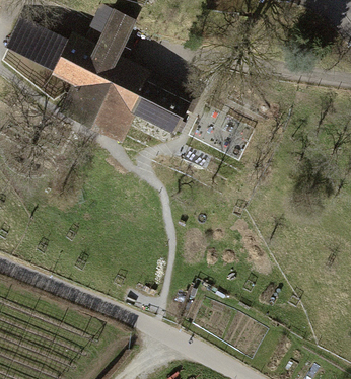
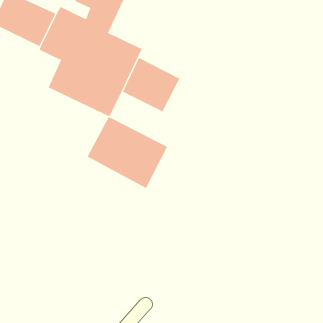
building: none -> [87,116,168,189]

